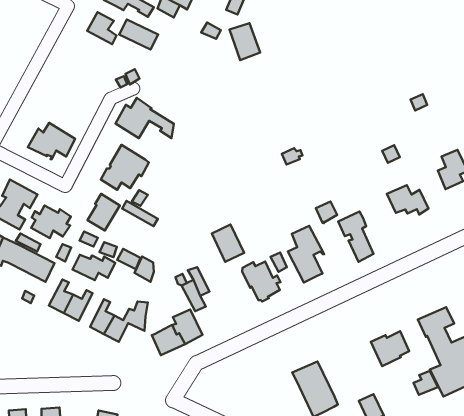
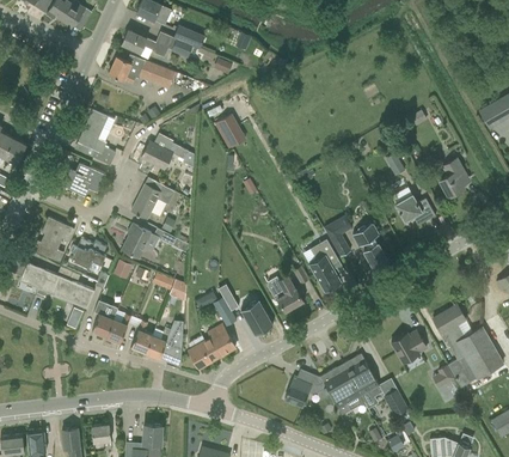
building: [229,23,260,60] -> [215,112,245,147]
building: none -> [81,109,116,165]
building: [212,224,244,262] -> [241,300,272,335]
building: [72,255,115,280] -> none
building: none -> [343,353,382,397]
building: none -> [284,376,325,407]

